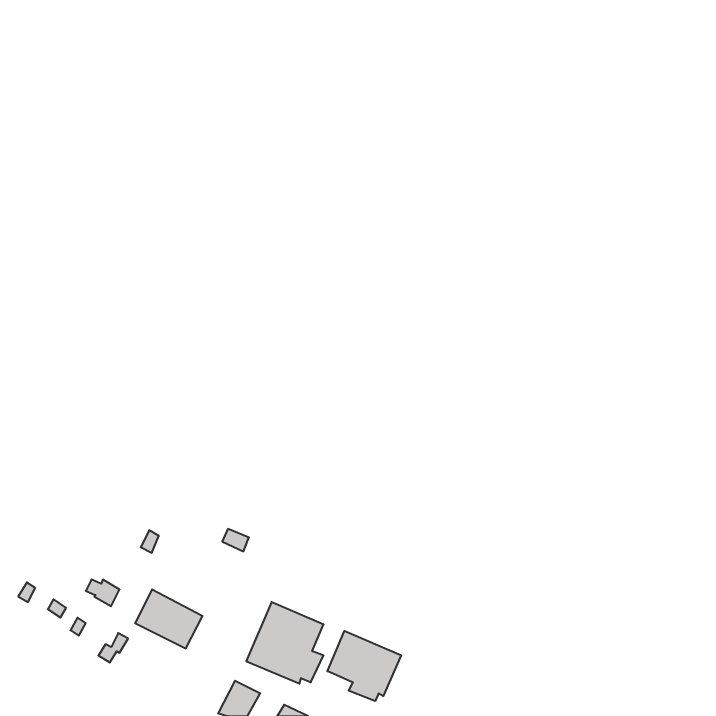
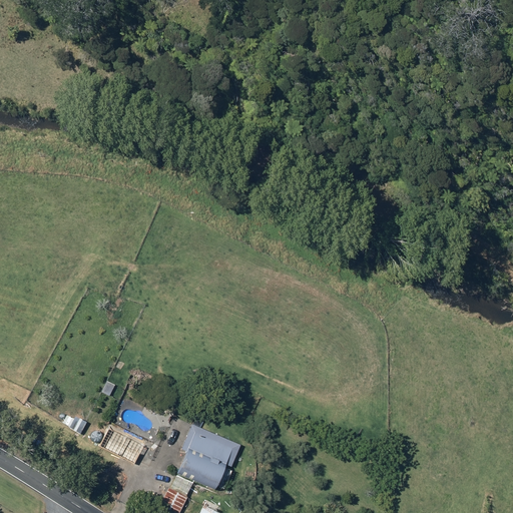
building: [327,631,401,701] -> none

